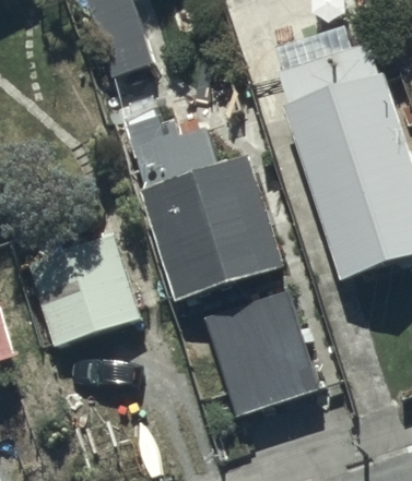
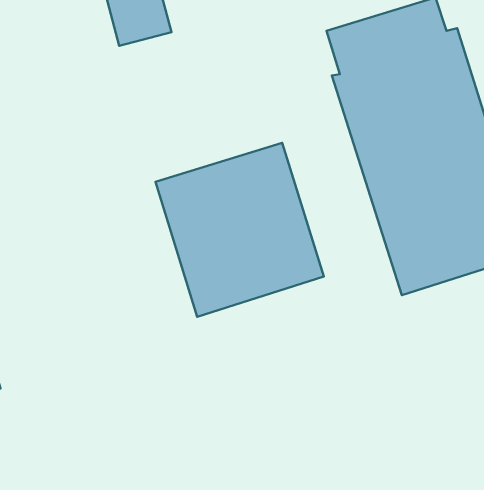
building: [19,227,142,345] -> none
building: [211,286,323,411] -> none

